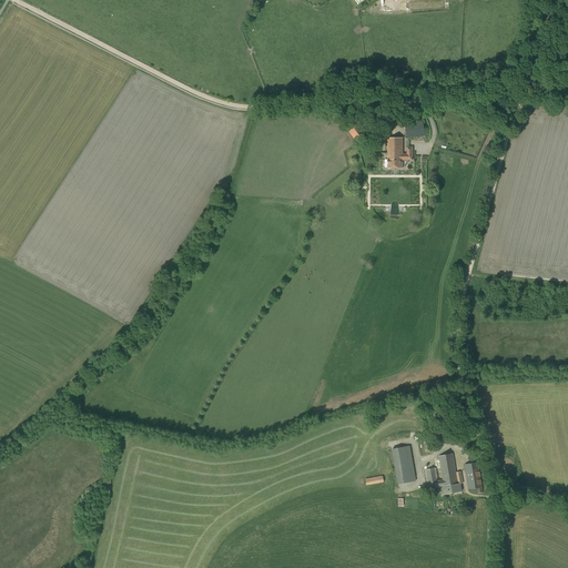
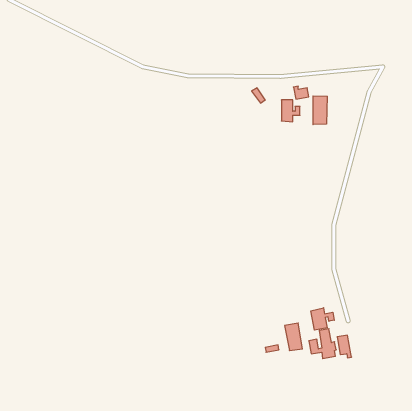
building: none -> [313,96,327,125]
building: none -> [311,308,334,330]

